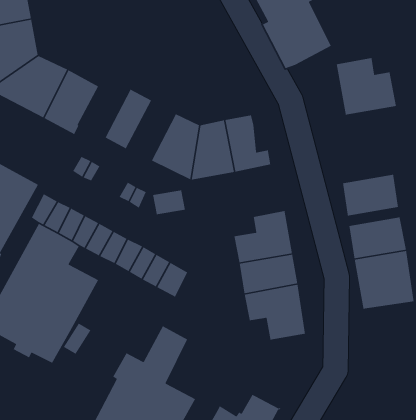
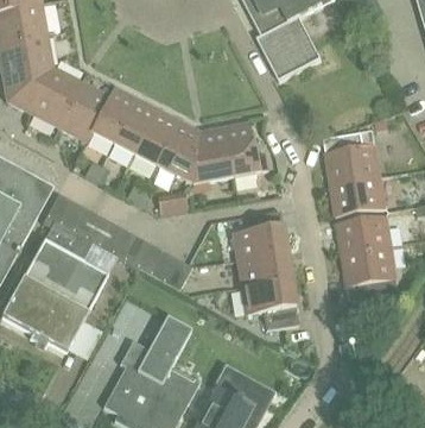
building: [336,57,397,115] -> [323,131,379,184]
building: none -> [89,86,137,143]
building: none -> [133,108,178,164]

